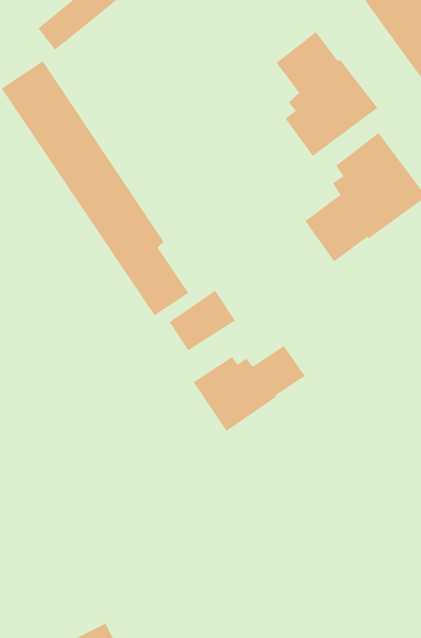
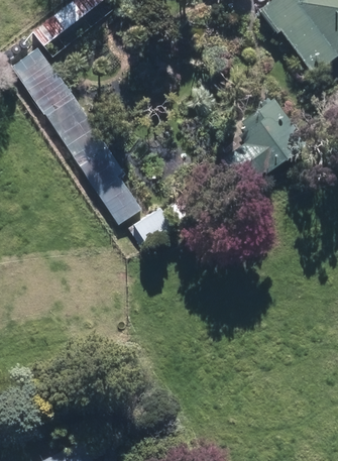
building: [276,31,378,157] -> none
building: [193,345,305,432] -> none

